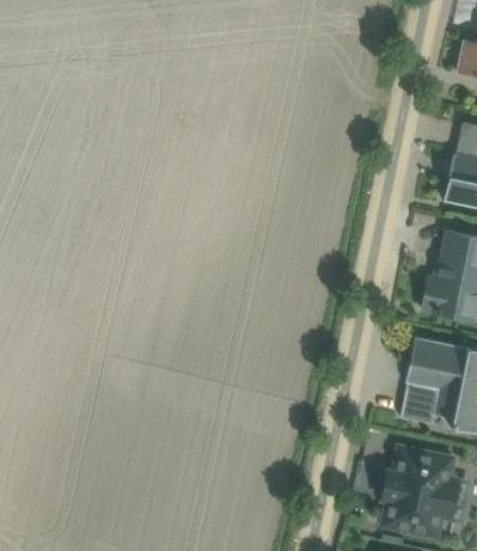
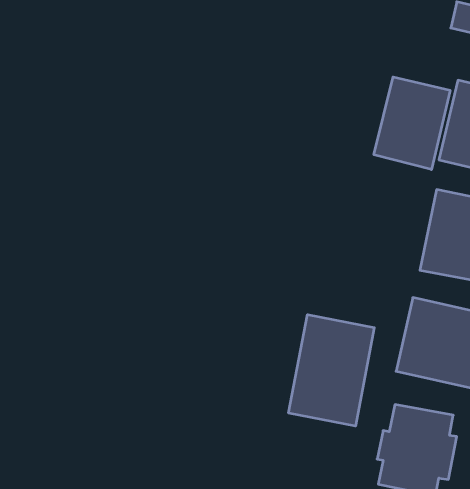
building: none -> [374,77,450,170]
building: none -> [289,315,374,426]

